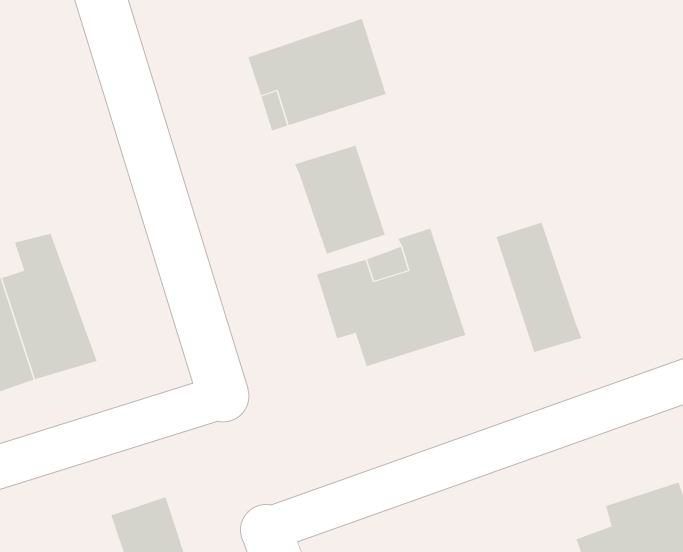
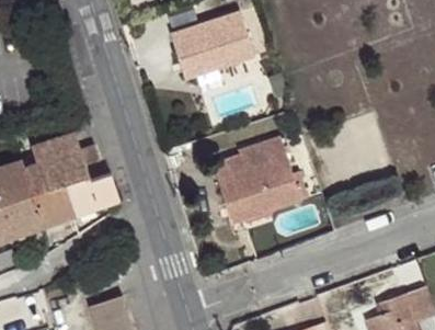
building: [294,145,386,254] -> none
building: none -> [54,133,122,216]
building: [496,222,582,353] -> none

